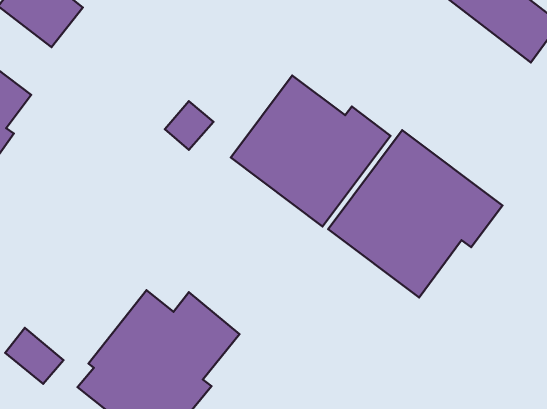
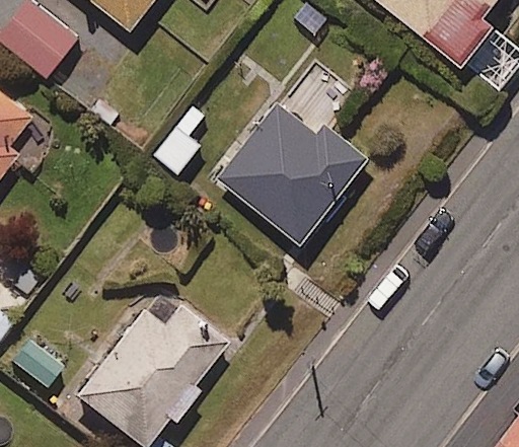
building: [328,130,503,297] -> none

